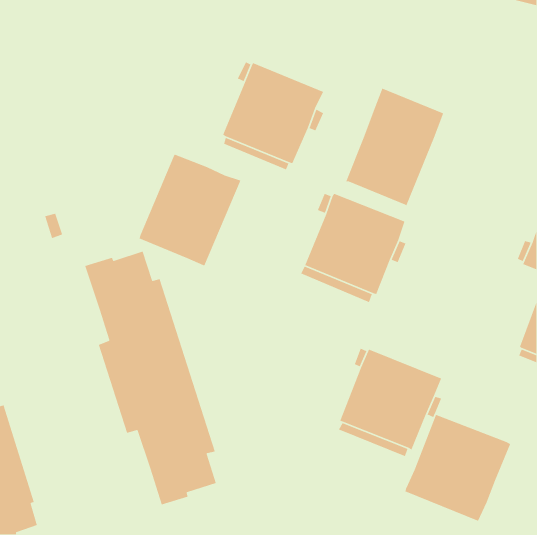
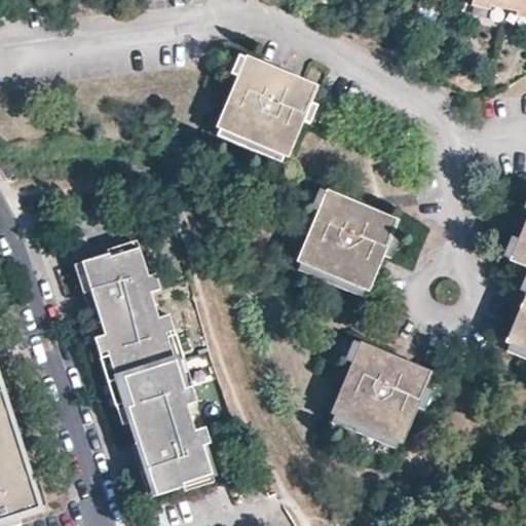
building: [345,88,444,206] -> none
building: [139,153,241,266] -> none
building: [405,414,511,522] -> none

